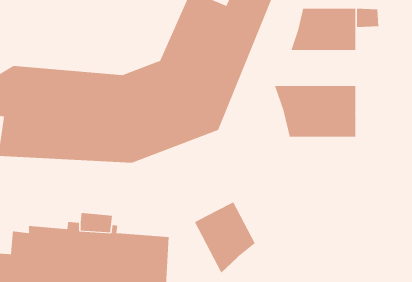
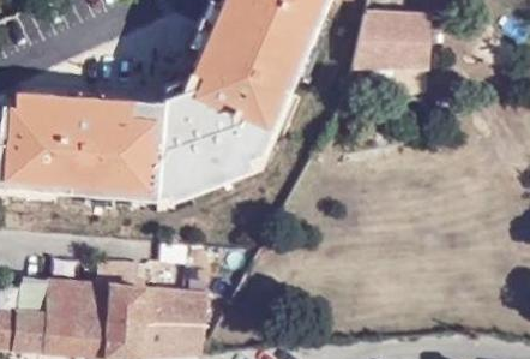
building: [274,85,356,137] -> none
building: [194,201,255,274] -> none

